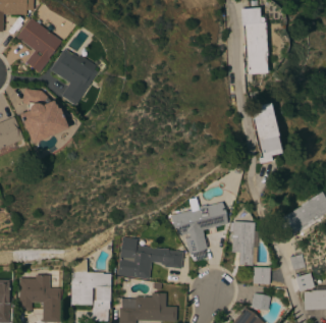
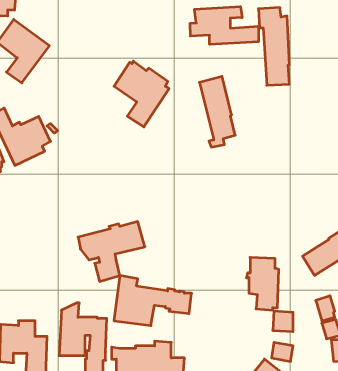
building: none -> [190,7,258,44]
building: [50,49,97,105] -> [114,61,169,127]
building: [251,103,281,163] -> [199,76,235,147]
building: [171,203,228,254] -> [78,222,145,281]

